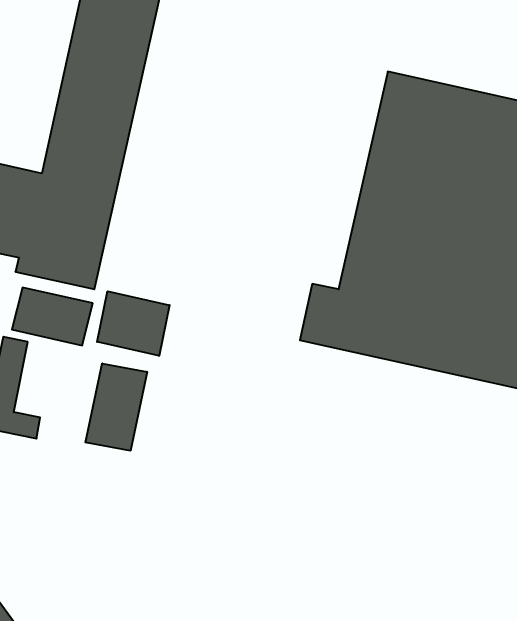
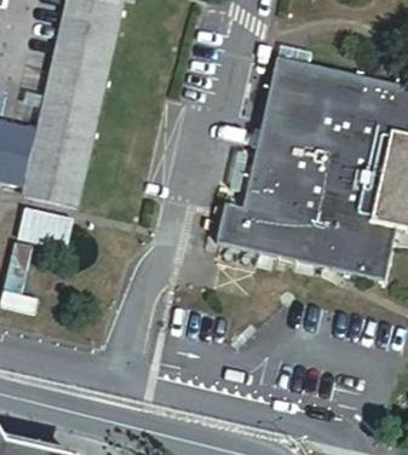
building: [97,291,170,356] -> none
building: [85,363,147,451] -> none

